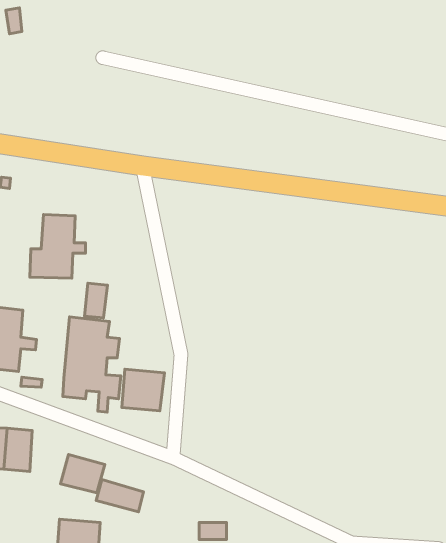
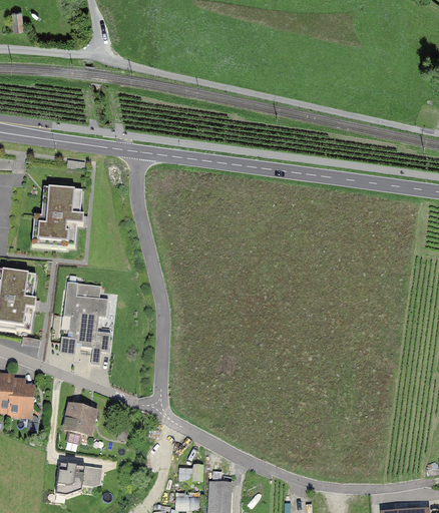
building: [85,283,108,318] -> none
building: [122,369,164,411] -> none
building: [96,480,144,512] -> none

